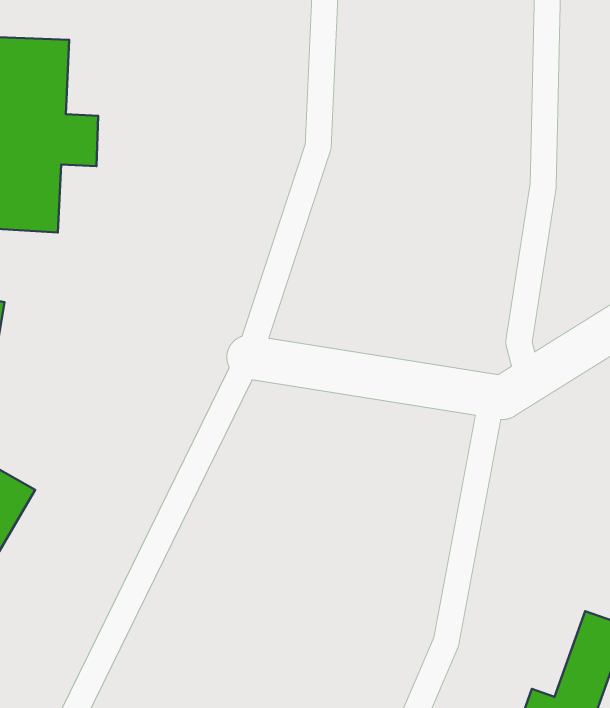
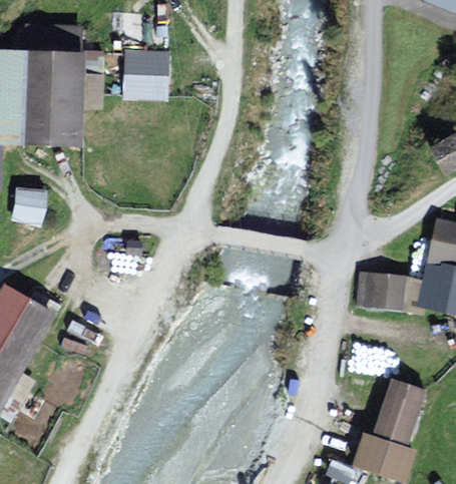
building: none -> [123,46,172,97]
building: none -> [352,276,404,311]

